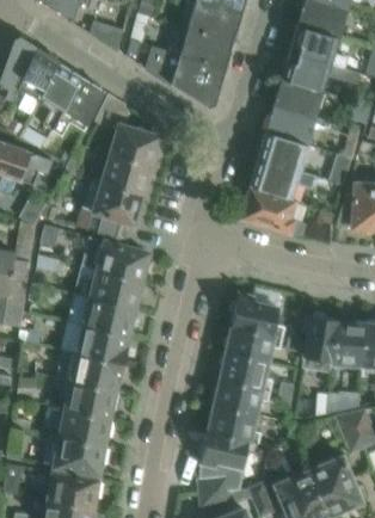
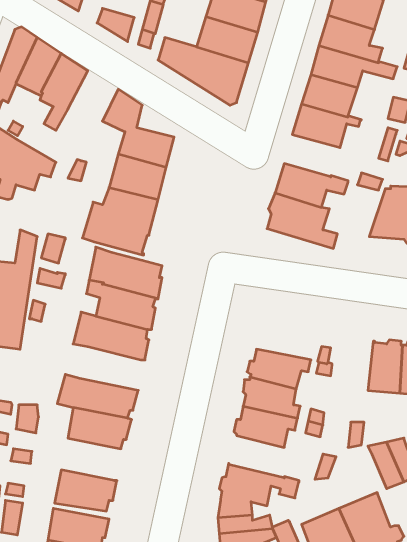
building: [53,76,105,135] -> none
building: [258,134,308,172] -> none
building: [232,294,284,337] -> none
building: [302,314,338,364] -> none
building: [74,325,130,364] -> none
building: [209,405,260,443] -> none
building: [57,407,115,445] -> none

